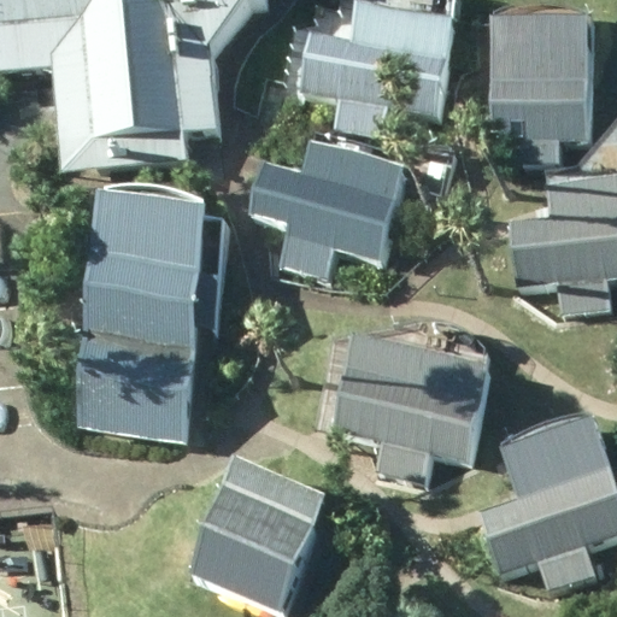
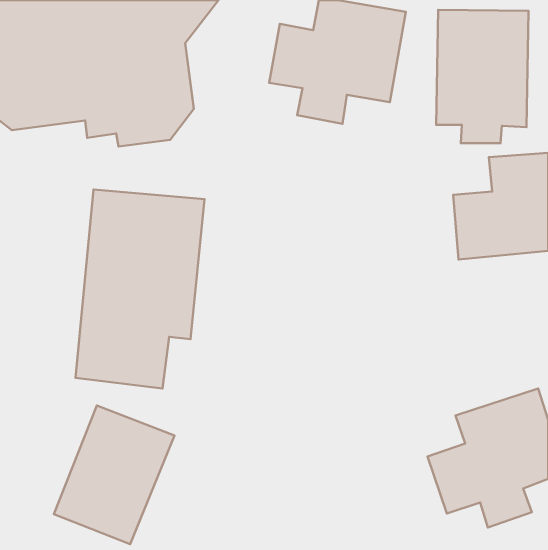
building: [249,139,405,277] -> none
building: [333,333,488,484] -> none
building: [192,456,327,611] -> [54,405,174,544]

